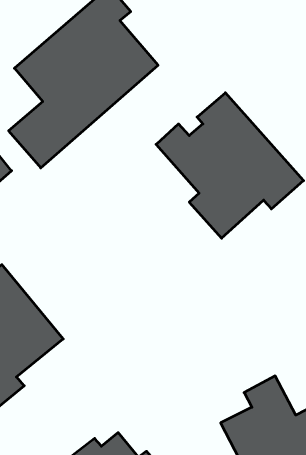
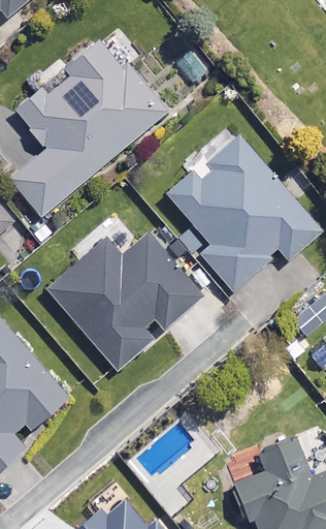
building: none -> [47,210,200,367]

